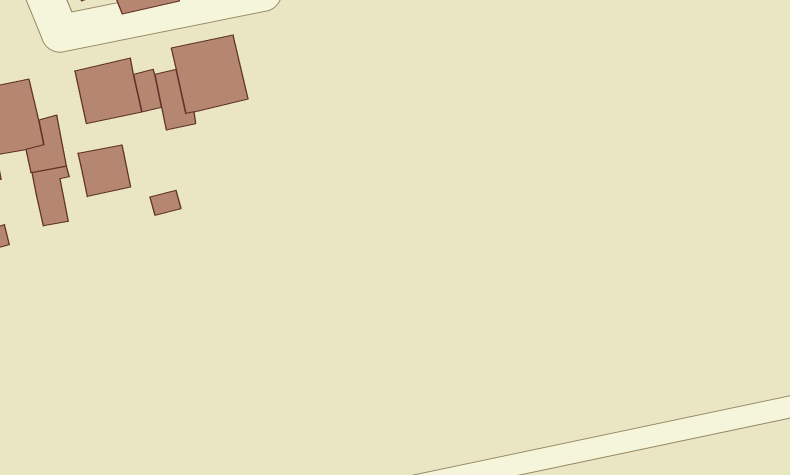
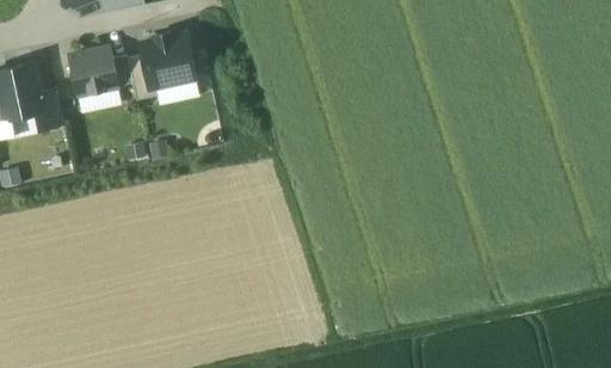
building: [78,145,130,197] -> none
building: [32,166,69,226] -> none

